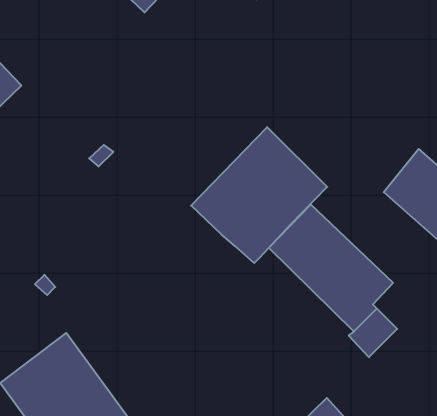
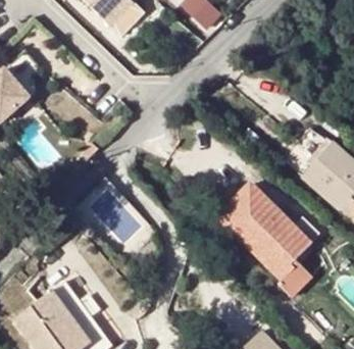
building: [191,127,327,263] -> none

